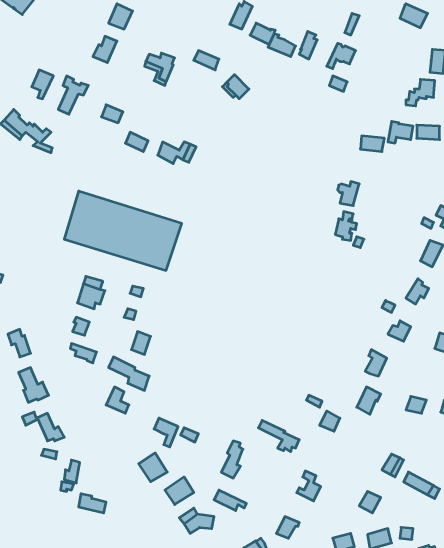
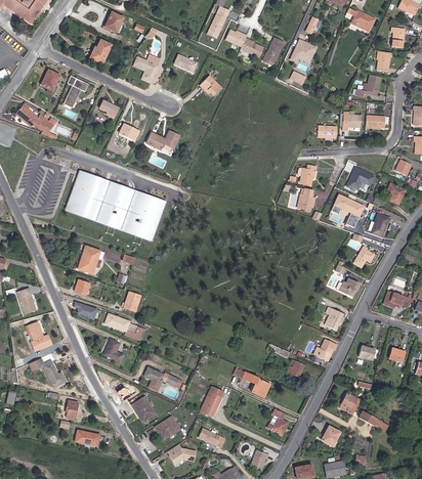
building: none -> [347,168,377,193]
building: none -> [332,194,366,228]

